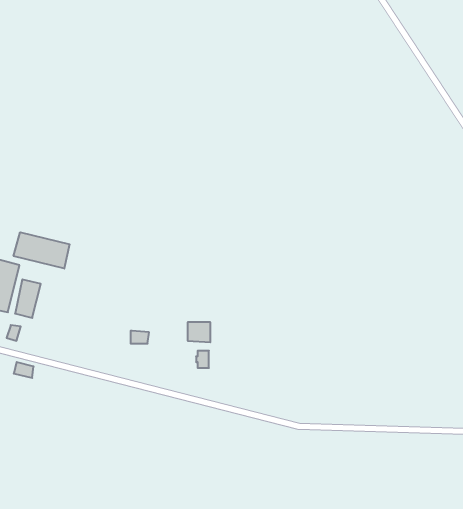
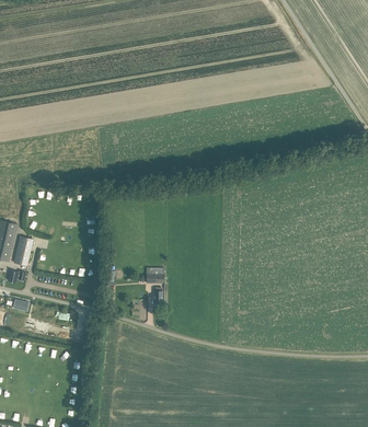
building: [14,232,70,269] -> none

